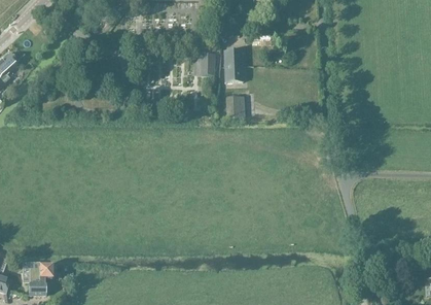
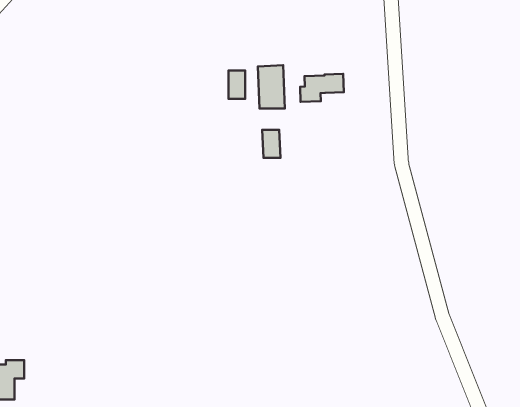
building: none -> [300,74,344,102]

